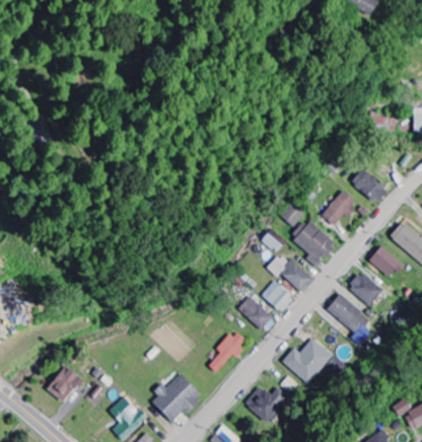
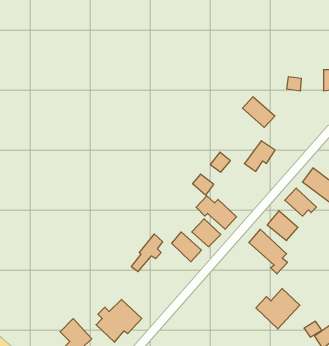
building: [351,167,389,203] -> [242,97,275,127]
building: [290,218,336,267] -> none
building: [208,328,244,372] -> [131,234,163,272]
building: [283,338,334,384] -> [256,289,300,329]
building: [45,364,81,402] -> none
building: [245,385,291,423] -> none

